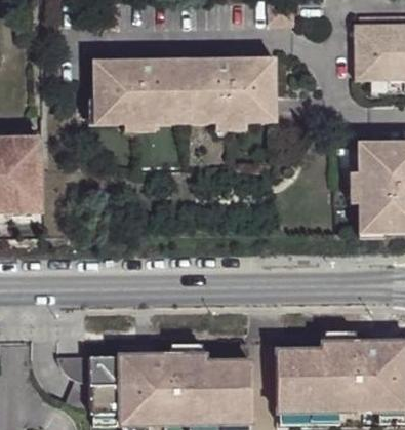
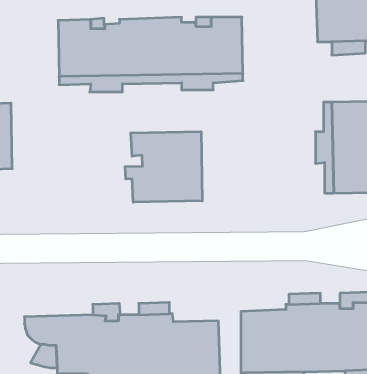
building: none -> [125,132,202,202]

